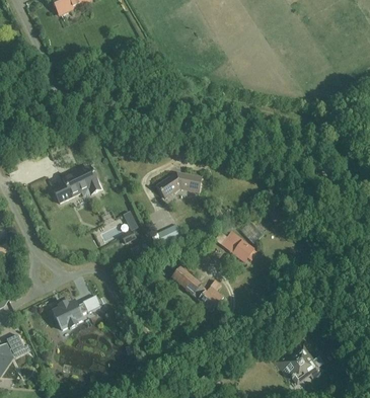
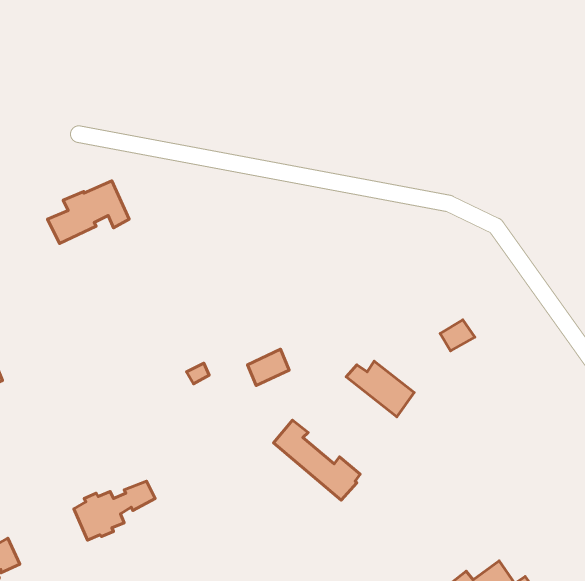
building: [53,166,100,203] -> [47,181,129,243]
building: [157,172,202,196] -> none

